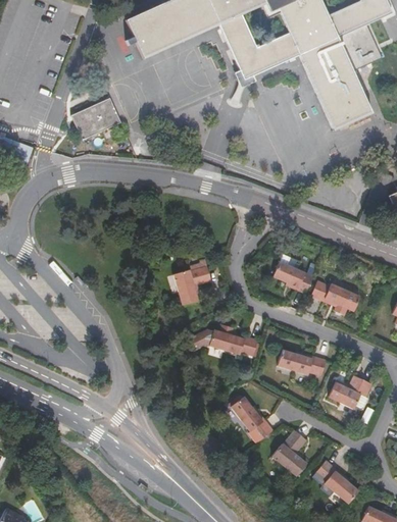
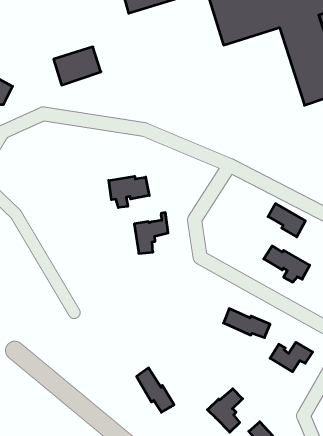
building: none -> [109,176,149,208]
building: [274,260,312,292] -> [268,204,305,237]
building: [208,324,256,355] -> none
building: [231,396,272,439] -> [137,368,174,412]

